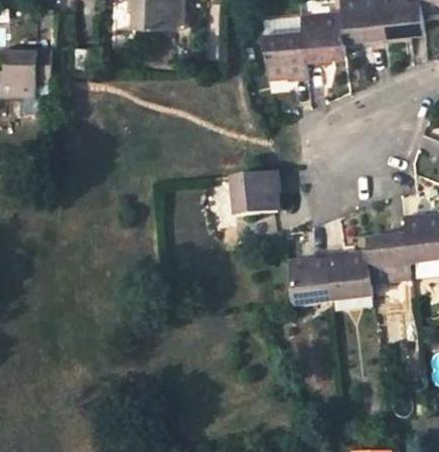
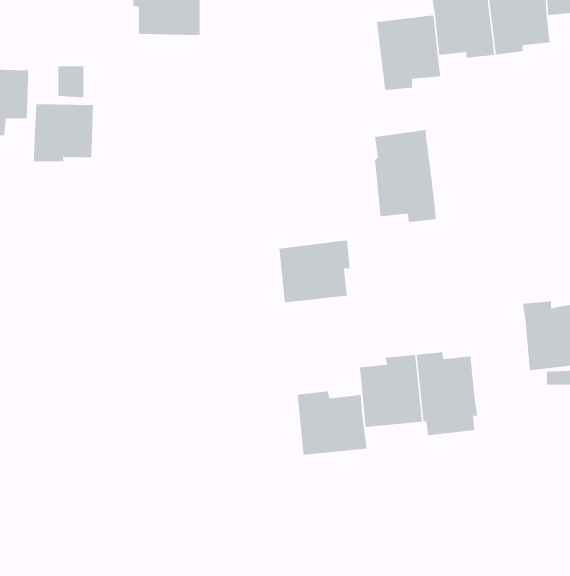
building: [262,13,306,80] -> [374,129,437,223]
building: none -> [33,103,94,162]
building: [365,230,409,283] -> none
building: none -> [297,391,367,456]

